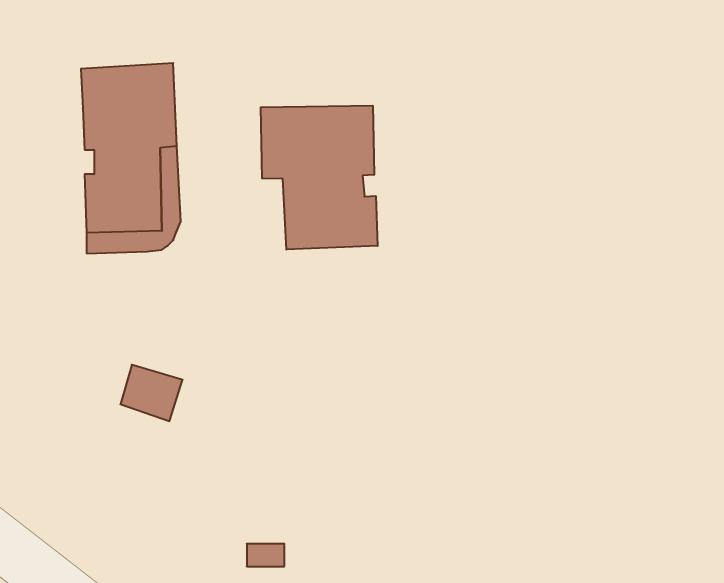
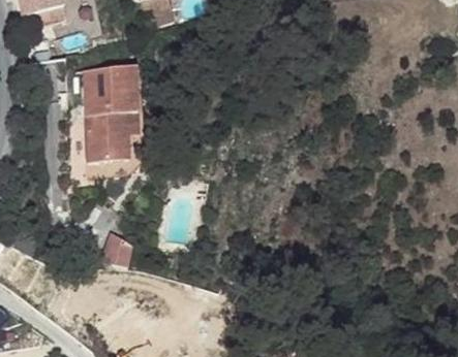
building: [261,106,378,250] -> none

